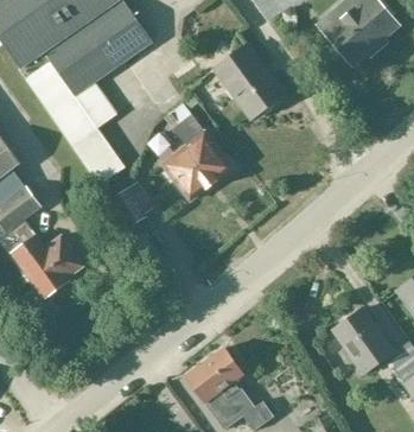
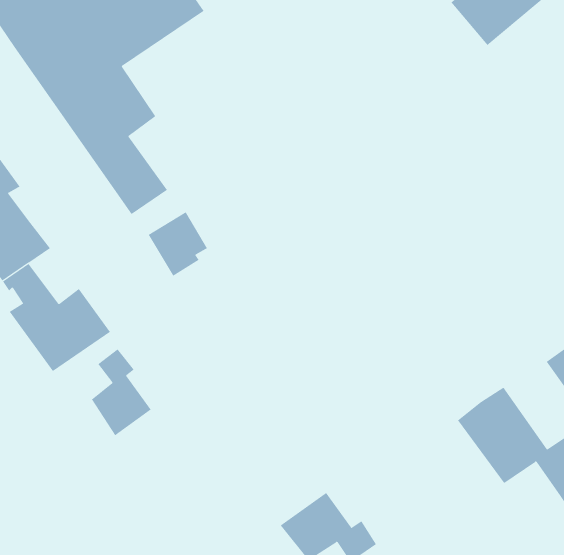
building: [218,47,281,116] -> none
building: [163,94,233,198] -> none
building: none -> [91,349,152,436]
building: [183,345,244,404] -> none

